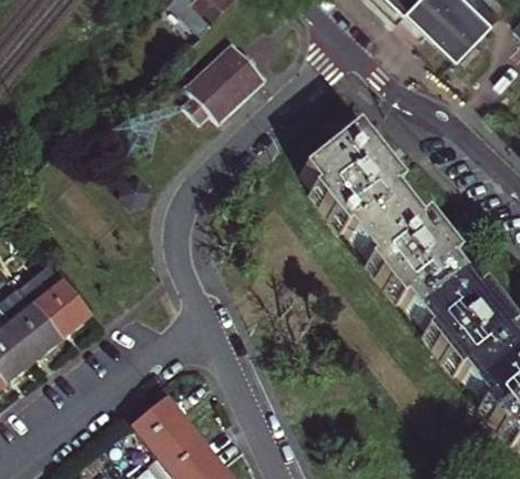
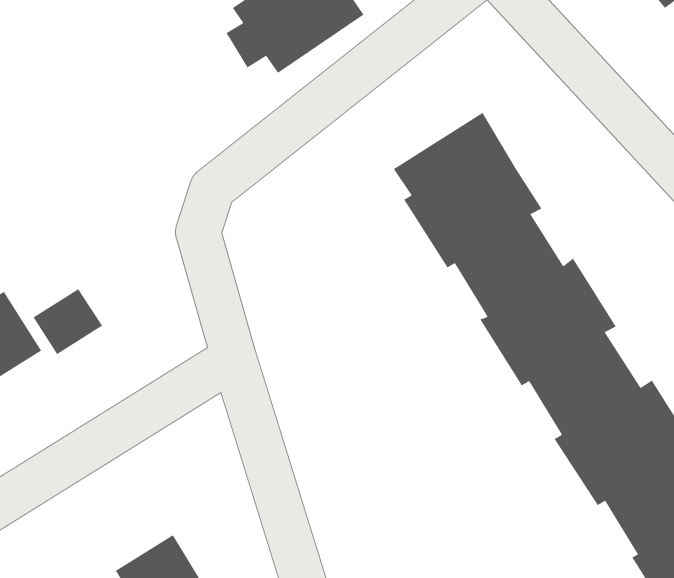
building: none -> [32,288,103,355]
building: [132,395,188,450] -> none

